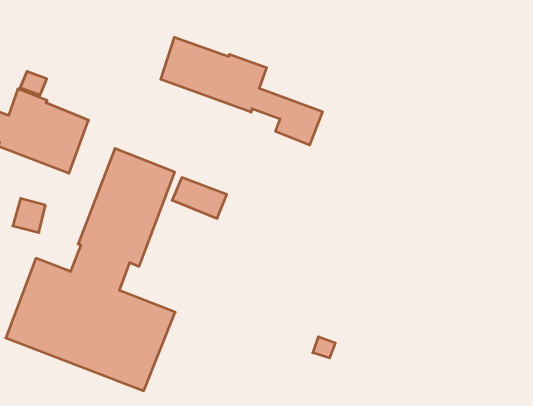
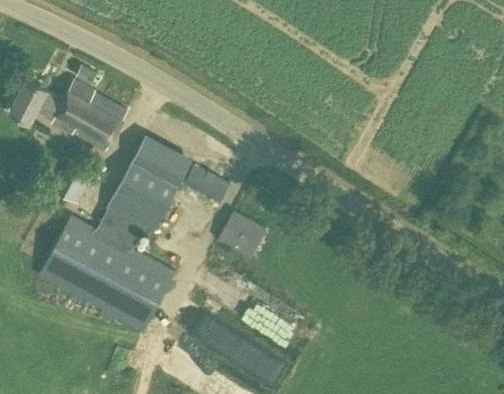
building: [161,37,322,145] -> none
building: none -> [218,212,266,258]

